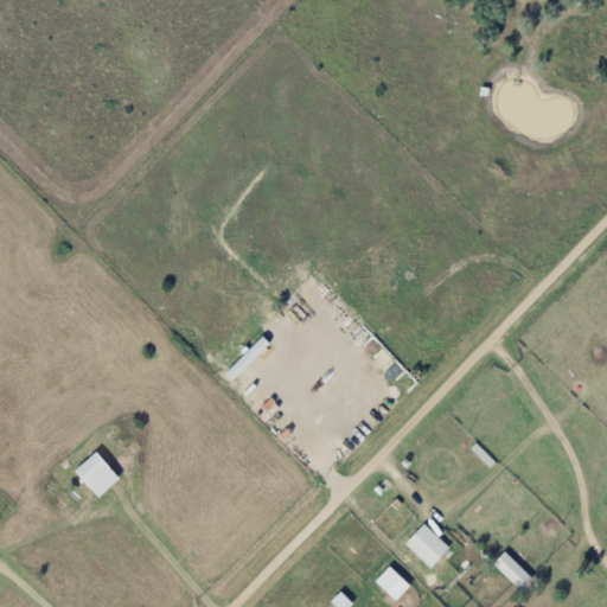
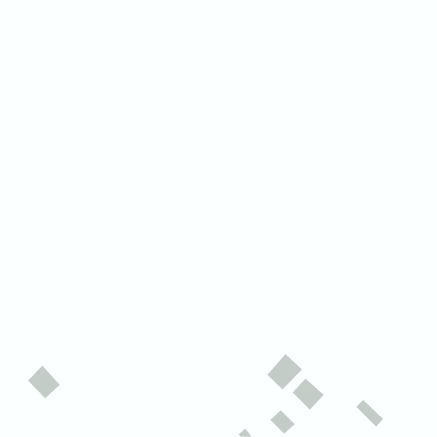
building: [74,449,120,497] -> [27,365,61,399]
building: none -> [266,353,303,390]

